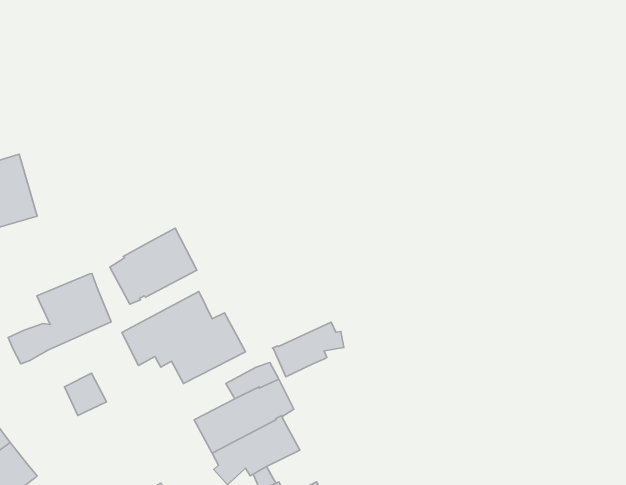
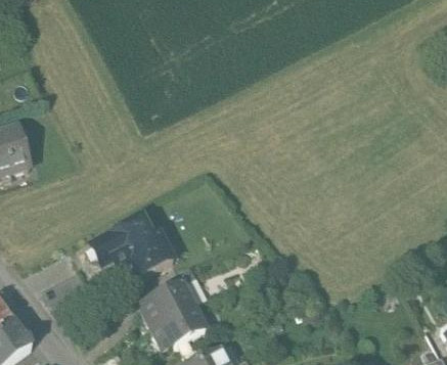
building: [110,228,197,304] -> none
building: [8,274,111,364] -> none
building: [273,322,344,377] -> none

